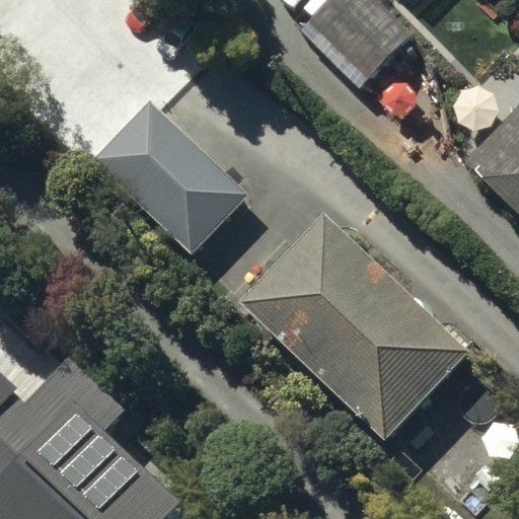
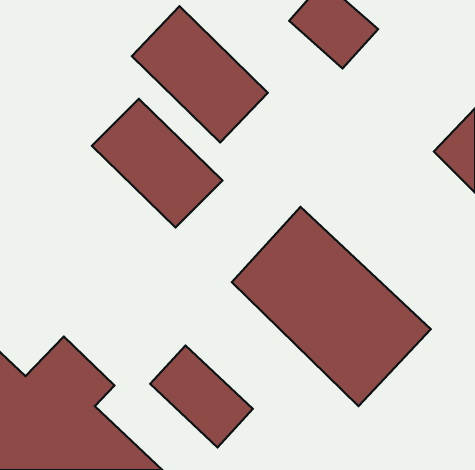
building: none -> [132,6,268,142]
building: none -> [150,345,253,447]

